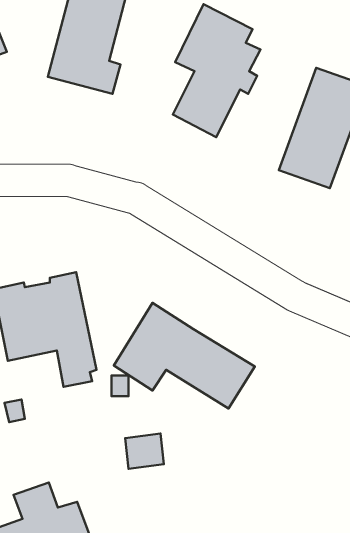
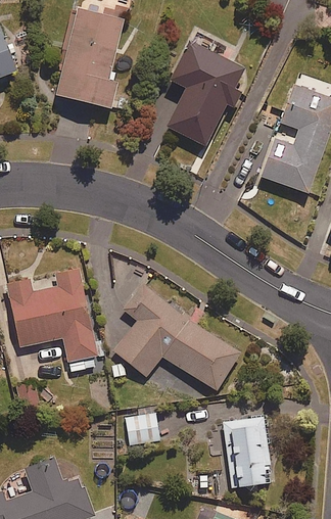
building: none -> [223,419,270,489]

